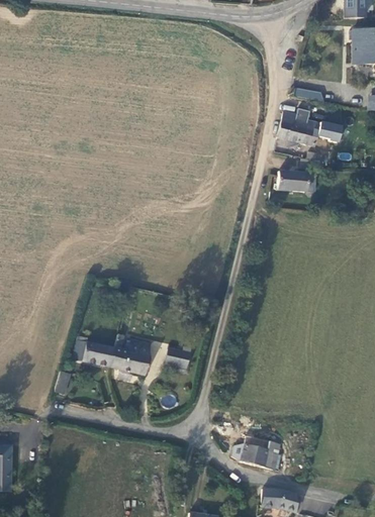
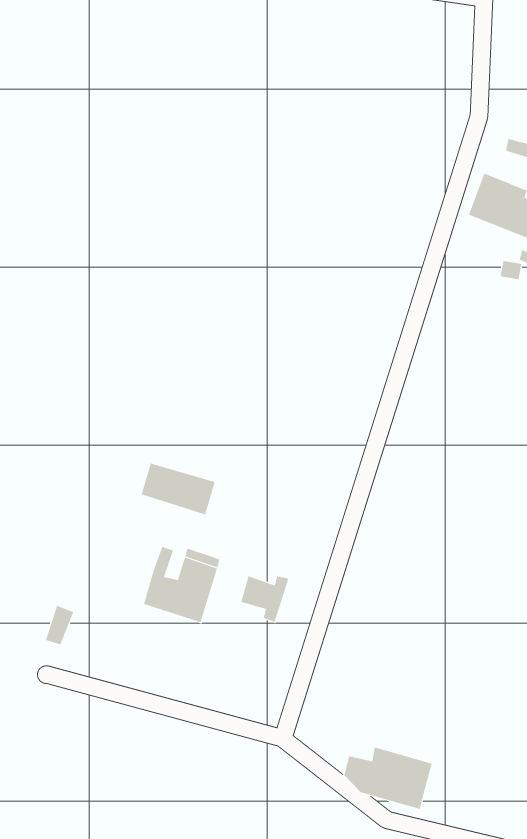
building: [276,172,306,190] -> none
building: [74,338,115,366] -> [141,463,216,515]

